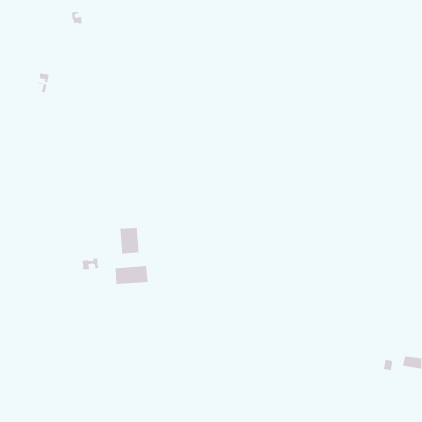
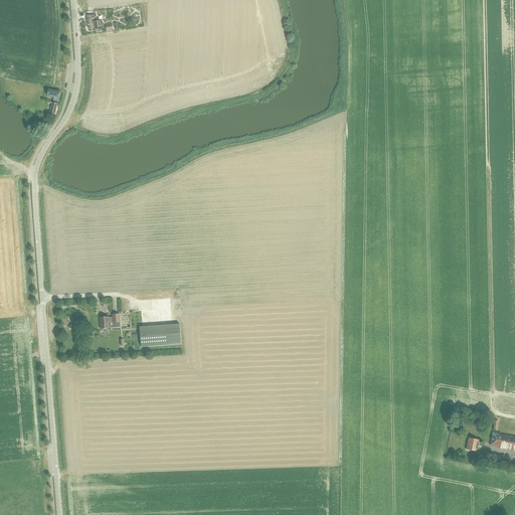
building: [120,227,139,254] -> none

